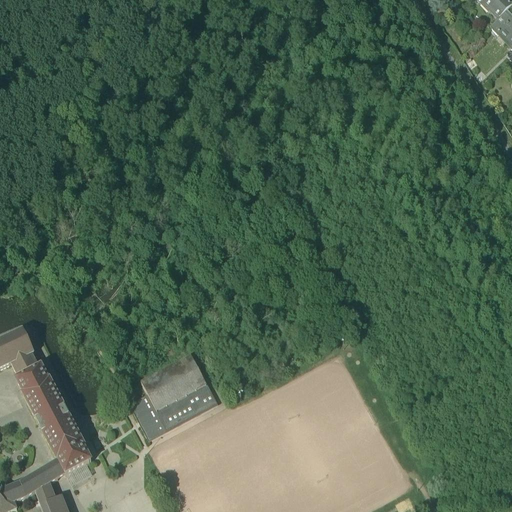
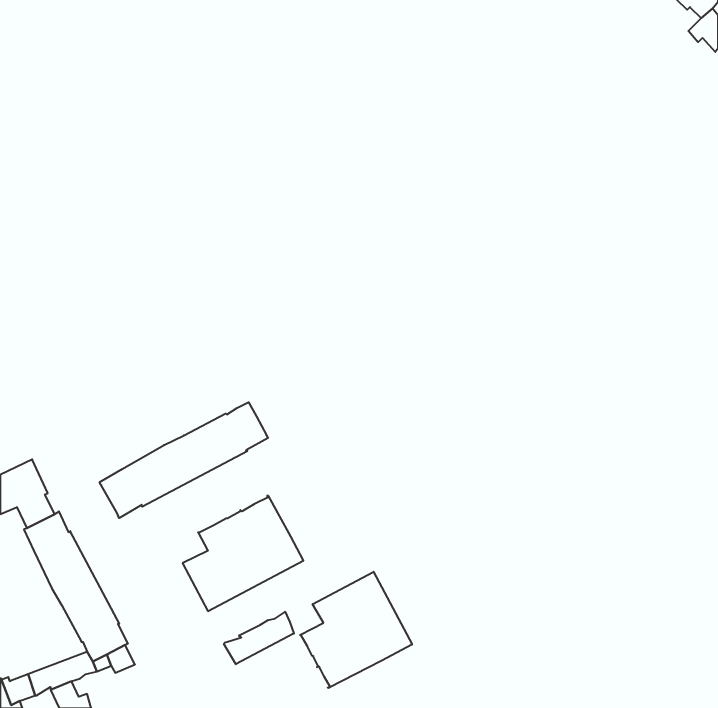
building: none -> [100,402,268,518]
building: none -> [300,572,412,688]
building: none -> [224,612,294,664]

